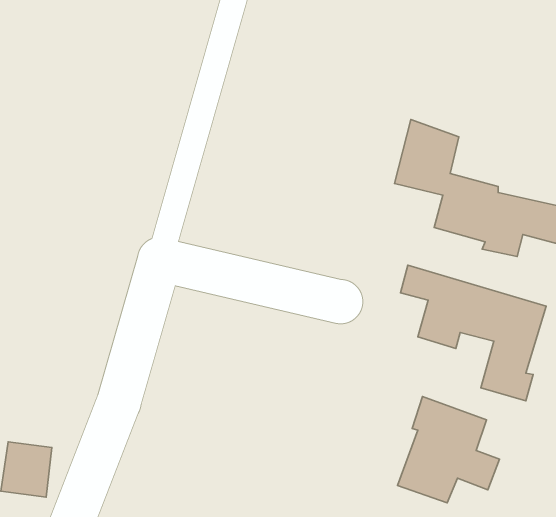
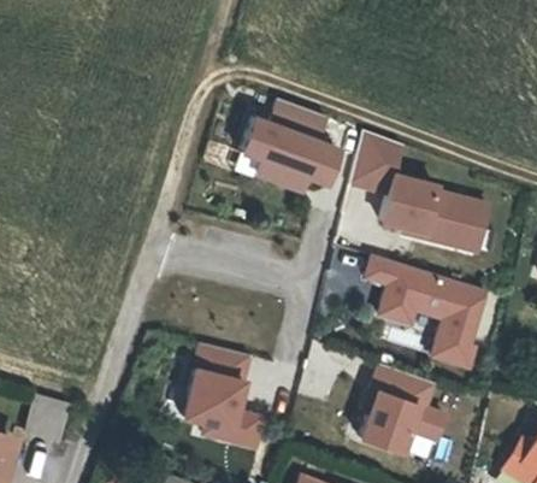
building: none -> [242,102,340,190]
building: none -> [187,346,262,448]

